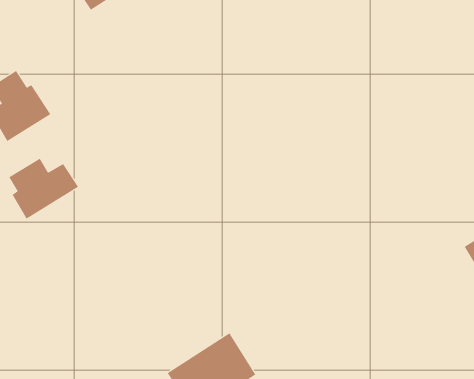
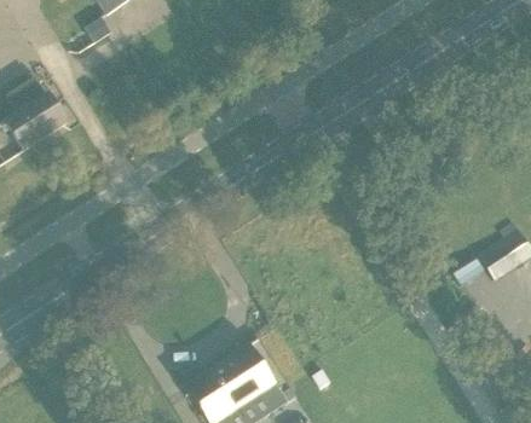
building: [9,158,79,219] -> none

